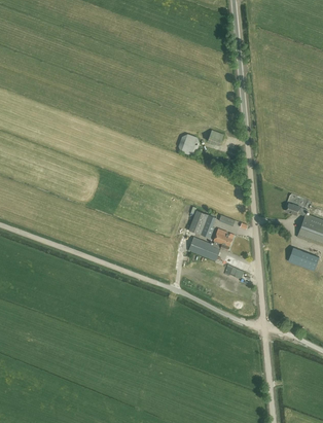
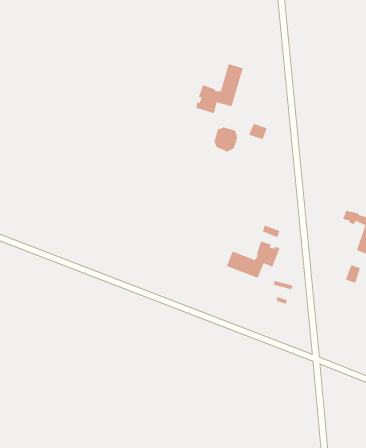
building: none -> [195,63,244,114]
building: [188,210,216,239] -> none

